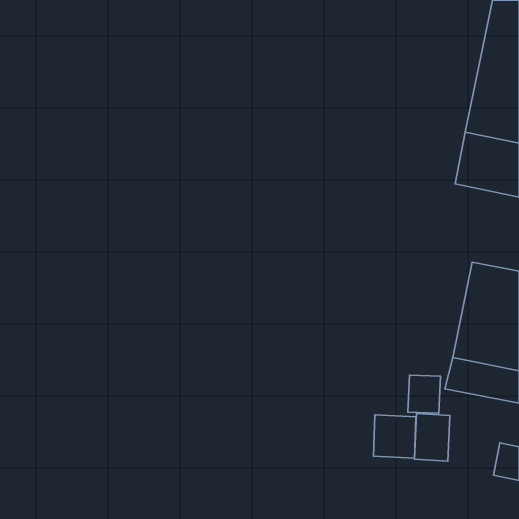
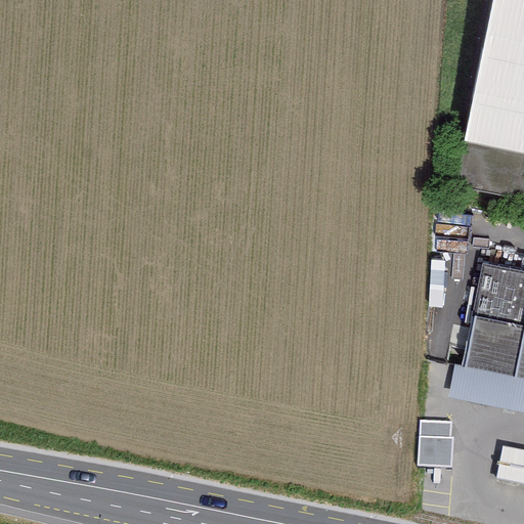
building: [408,375,441,413] -> none
building: [374,415,416,458] -> none

